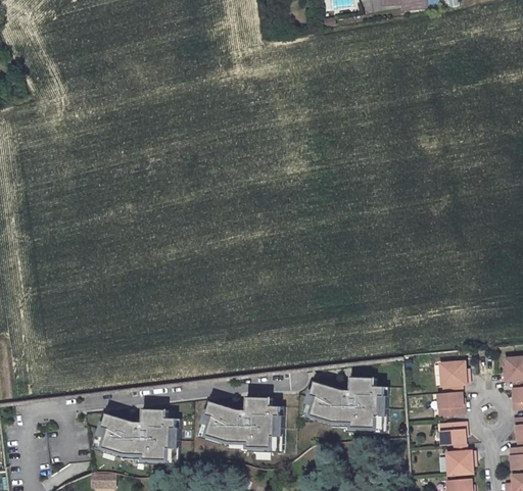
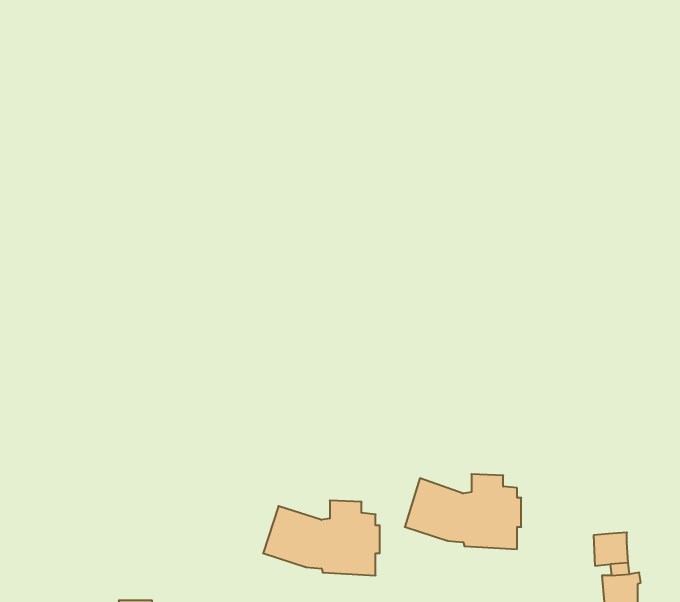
building: [439,358,470,384] -> none
building: [437,390,463,413] -> none
building: [92,408,179,463] -> none

